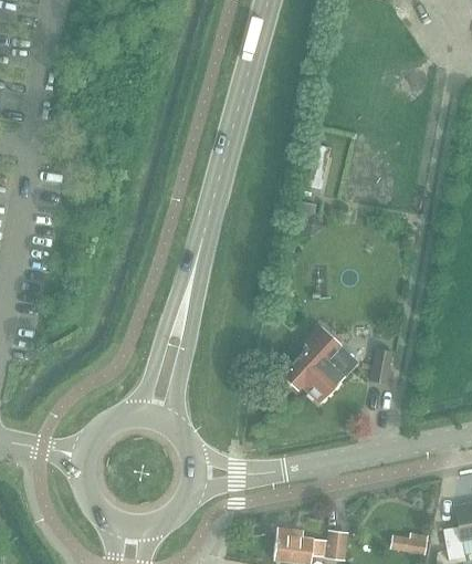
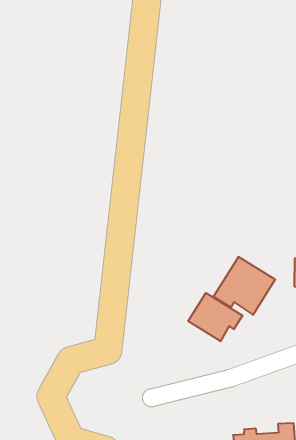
building: none -> [188,293,243,341]

